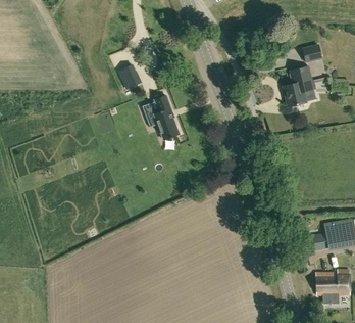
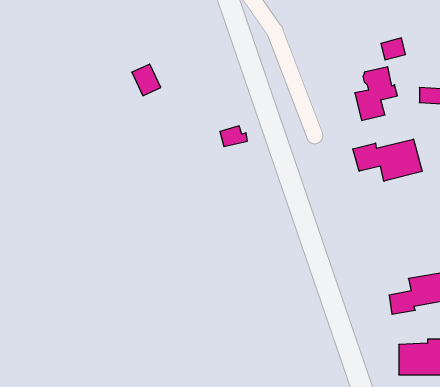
building: [142,95,179,140] -> none
building: none -> [353,139,422,181]

